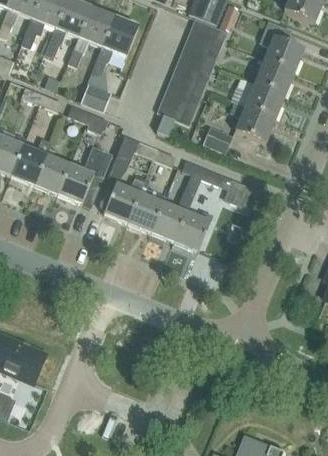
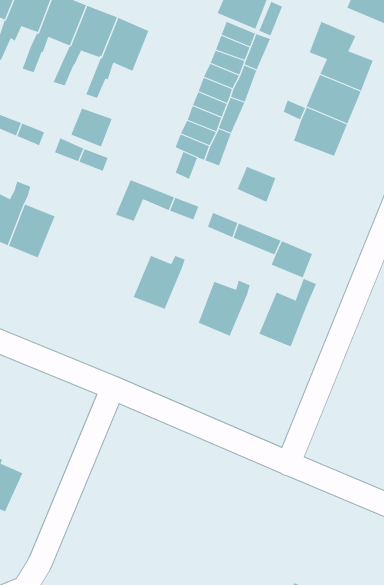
building: [229,101,275,142] -> none
building: [56,147,112,204] -> none
building: [103,182,142,223] -> none
building: [150,191,193,242] -> [259,278,317,347]

